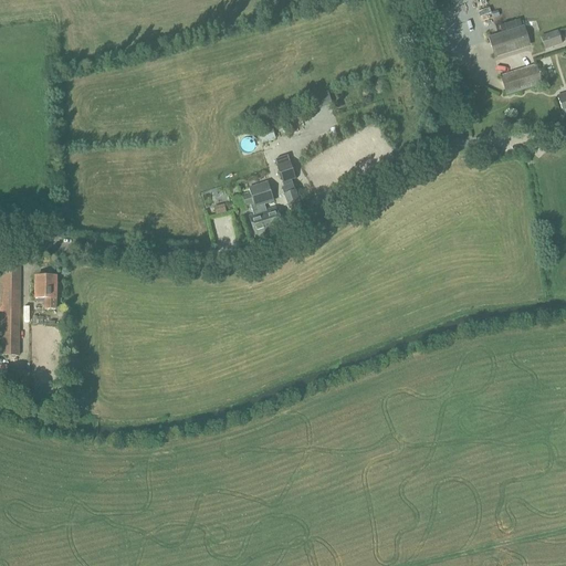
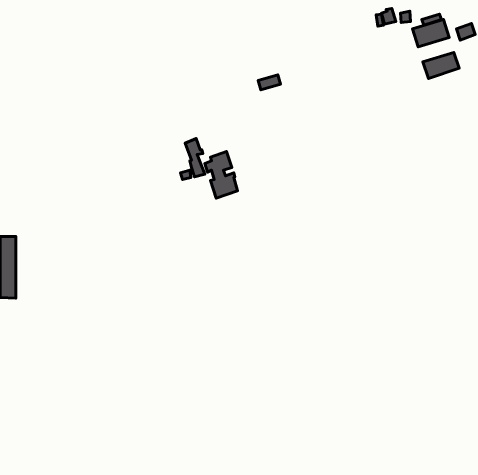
building: [276,158,300,203] -> [185,139,205,177]
building: [35,274,55,307] -> none

